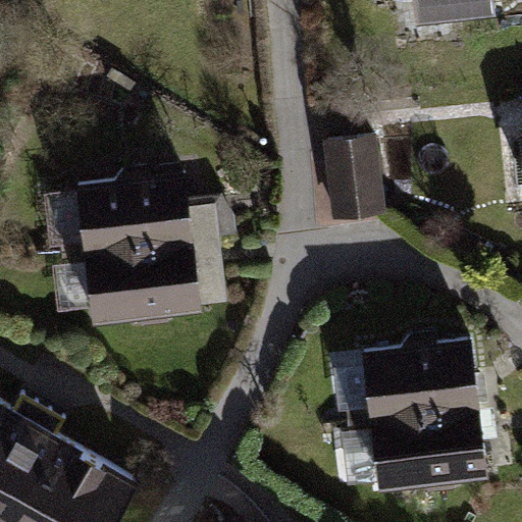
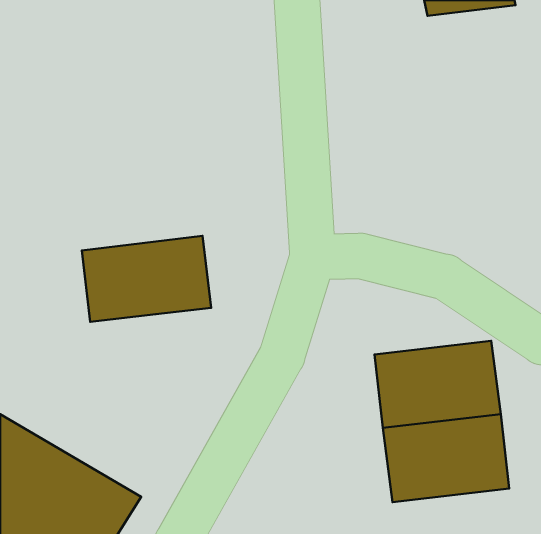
building: [325,137,385,219] -> none
building: [71,168,196,249] -> none

